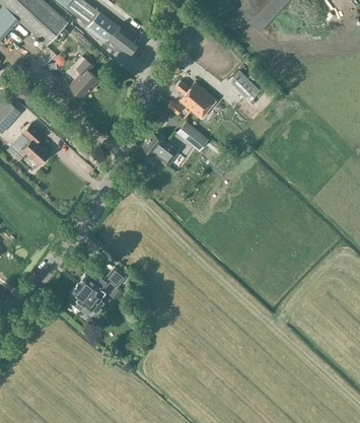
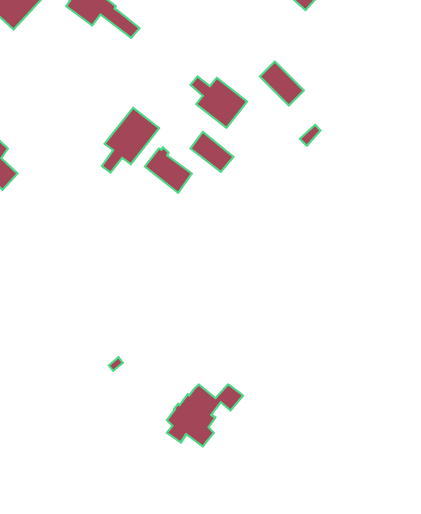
building: [69,59,98,98] -> none
building: none -> [102,108,159,173]
building: [70,268,126,313] -> [167,384,243,447]

